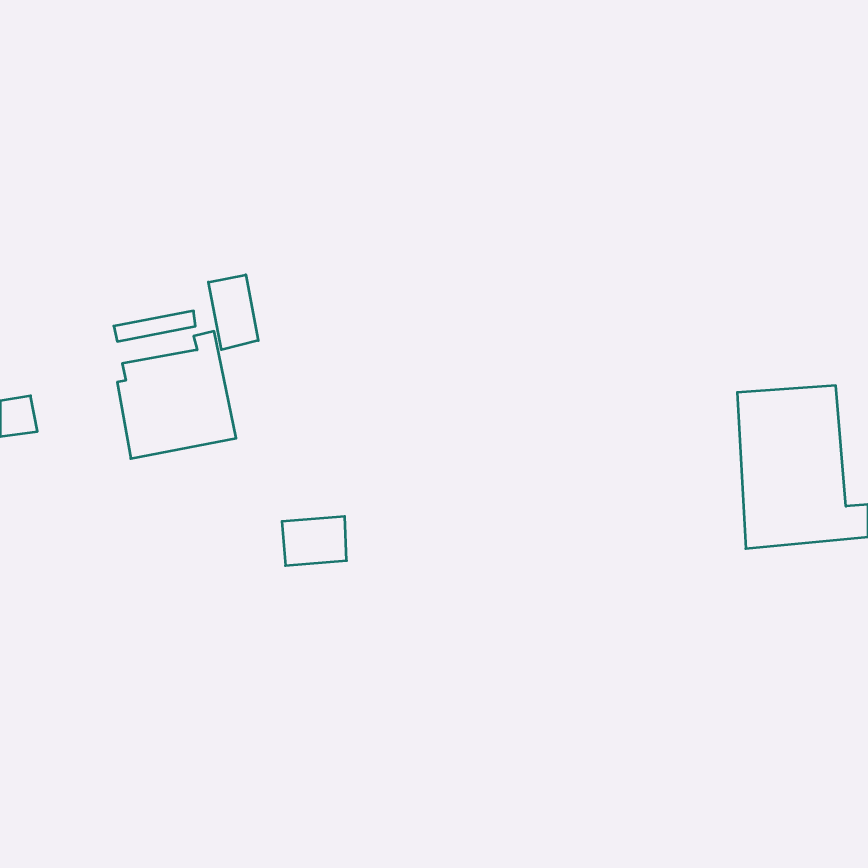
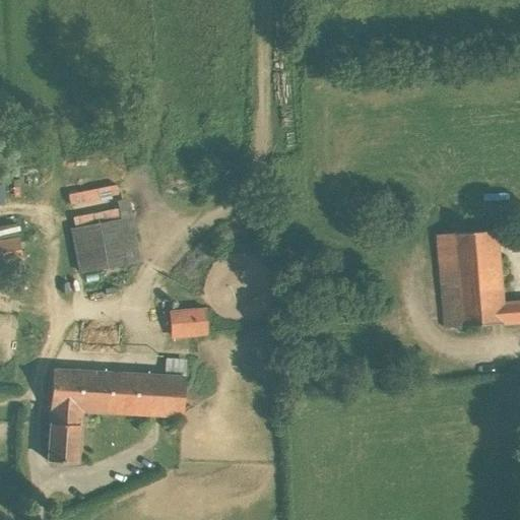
building: [208,275,258,350] -> none
building: none -> [48,370,184,462]

